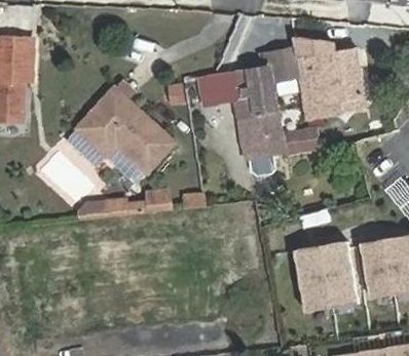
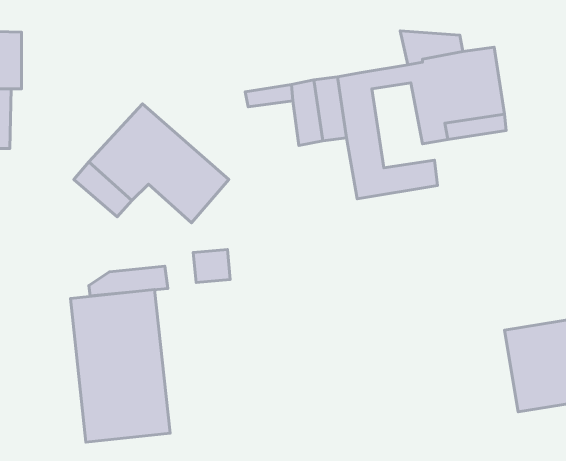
building: none -> [70,290,170,442]
building: [295,241,358,311] -> none

